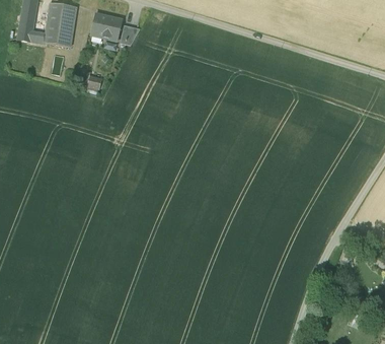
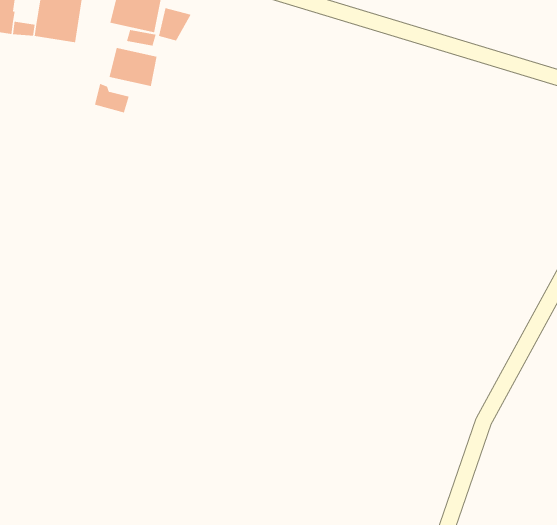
building: none -> [109,47,157,87]

